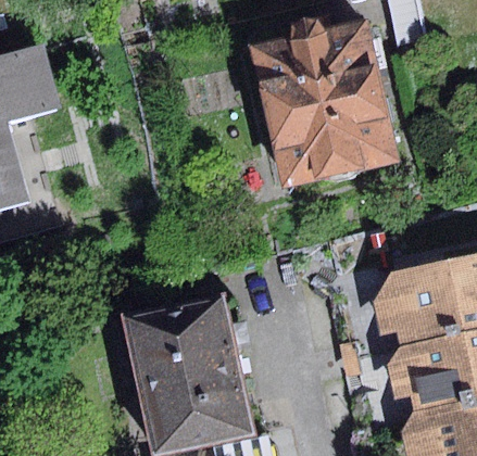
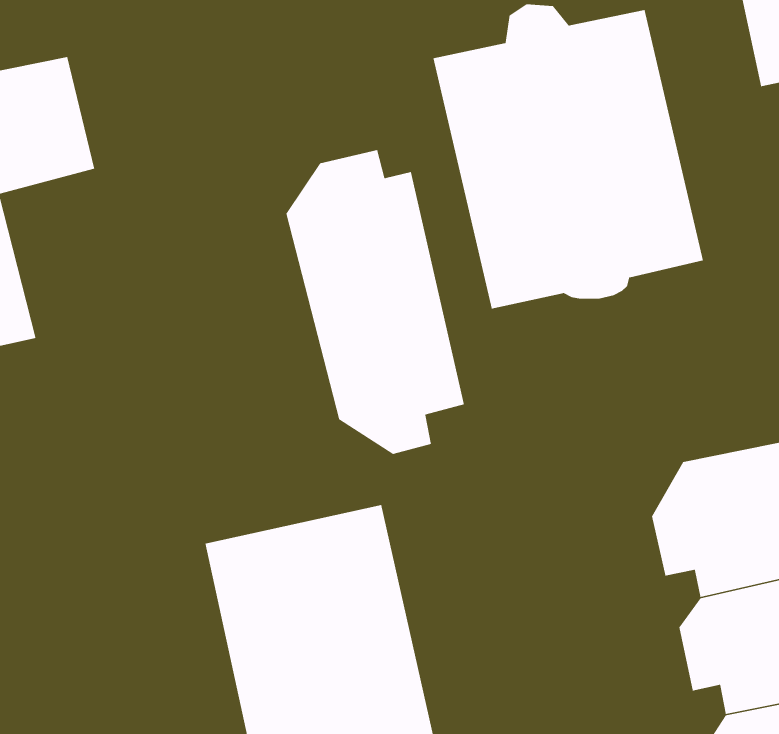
building: none -> [285,149,465,455]

